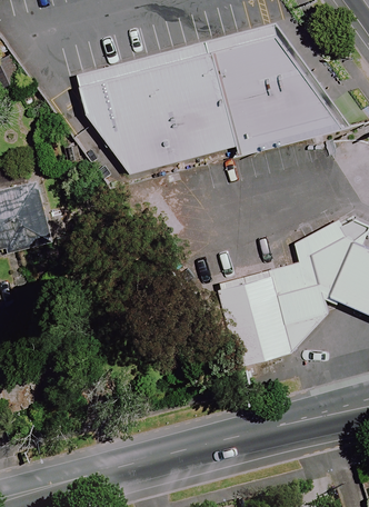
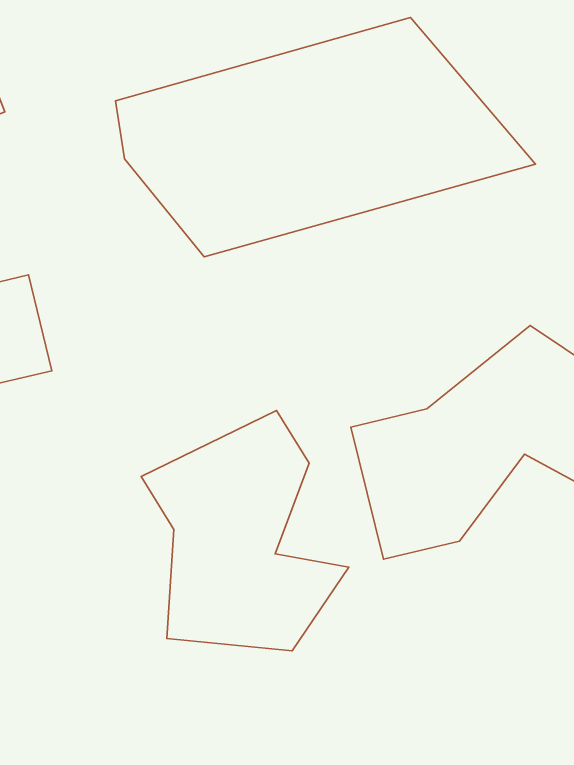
building: none -> [141,410,349,651]

